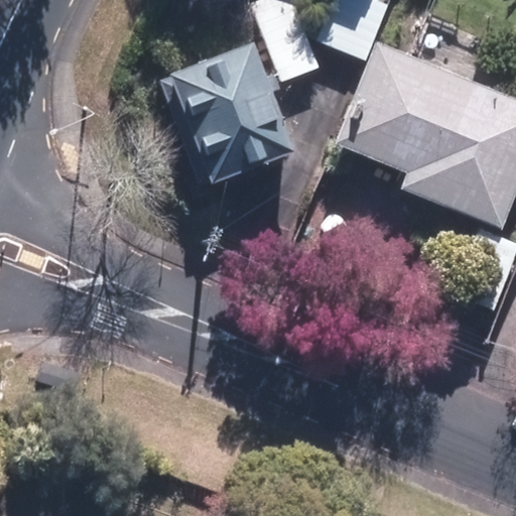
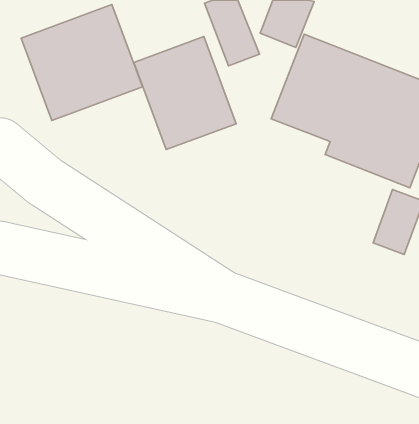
building: none -> [21,5,142,120]

